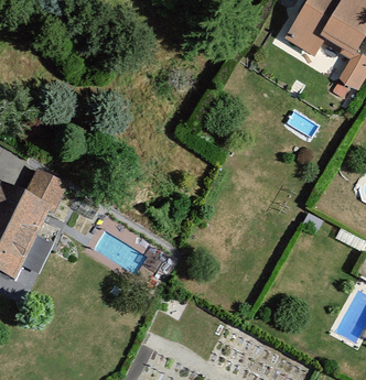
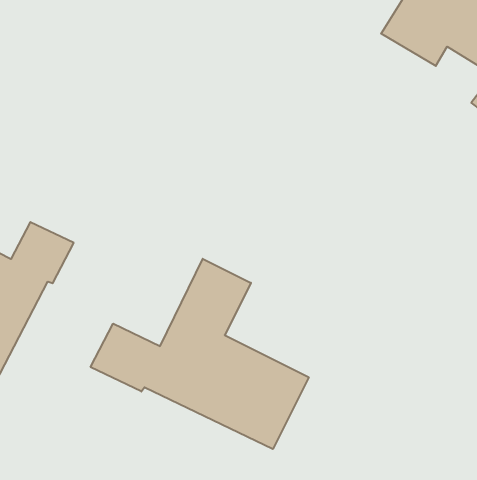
building: none -> [91,259,309,449]

